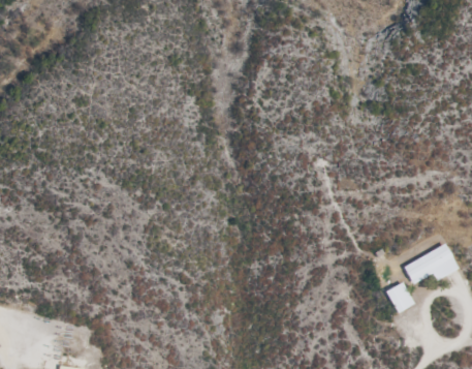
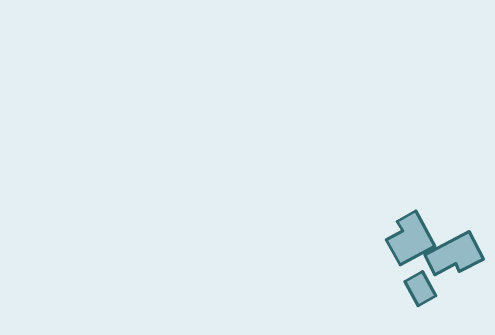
building: none -> [386,211,435,265]

